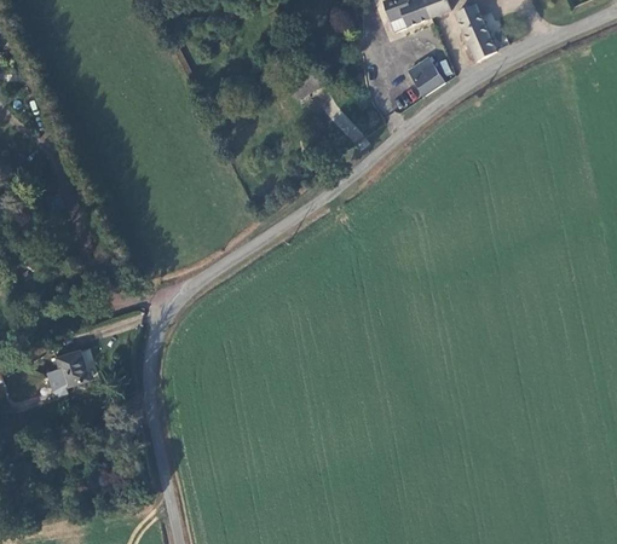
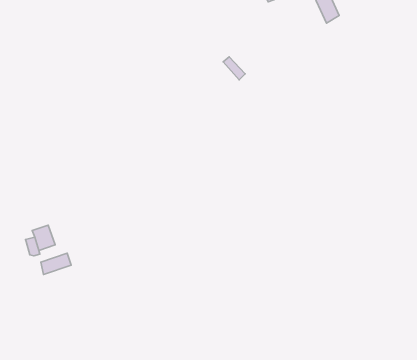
building: [409,56,445,93] -> none
building: none -> [41,253,71,274]

